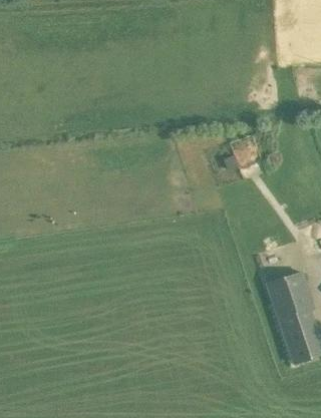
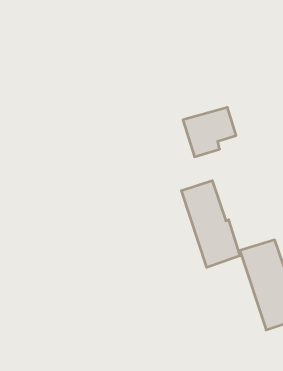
building: none -> [181,181,240,267]

